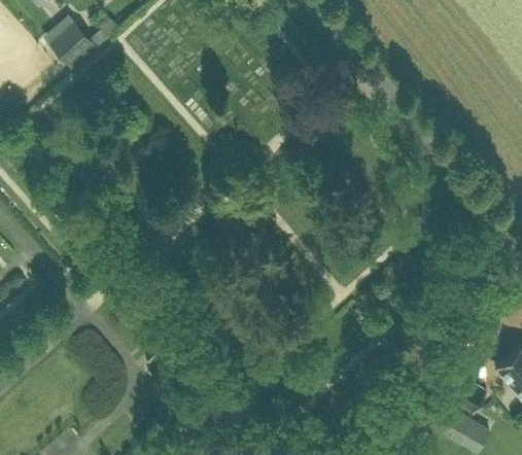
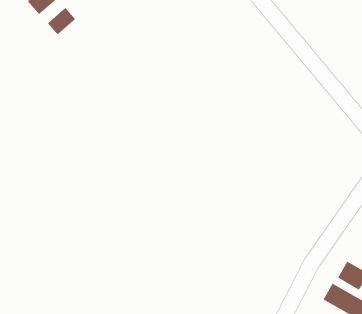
building: none -> [47,7,76,35]

